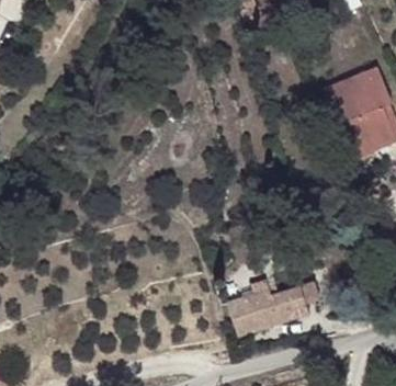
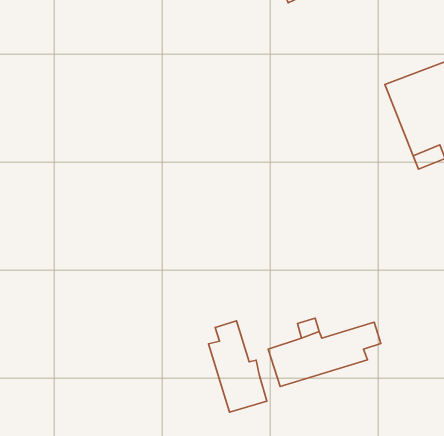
building: none -> [208,321,267,412]

